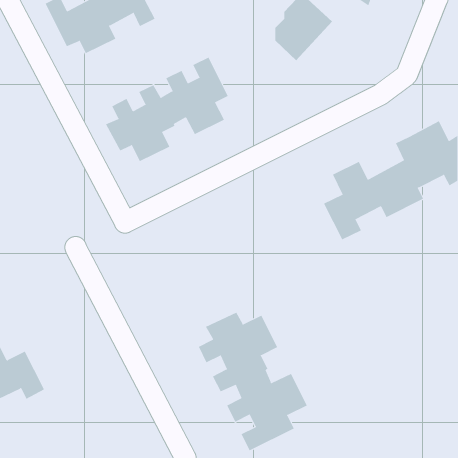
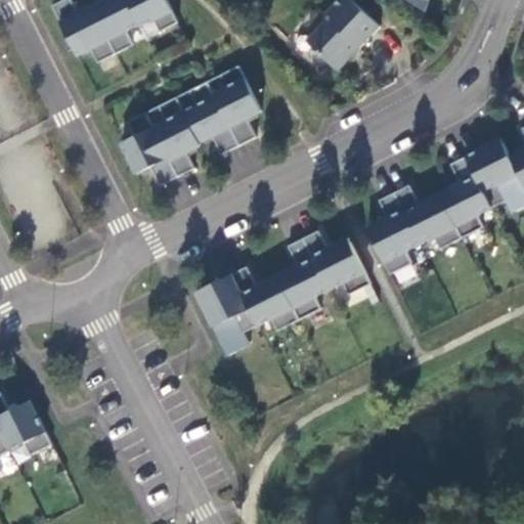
building: none -> [195,229,369,354]
building: [198,312,308,451] -> none

